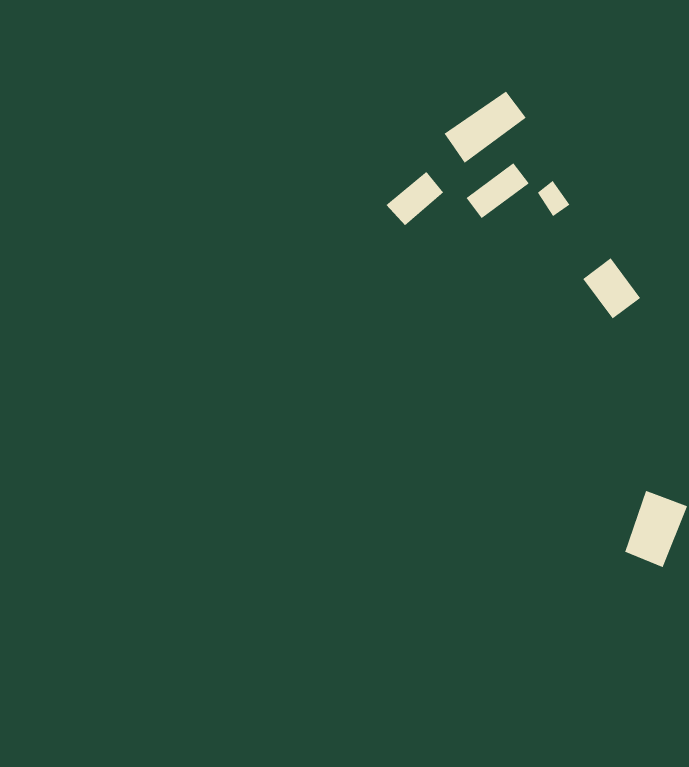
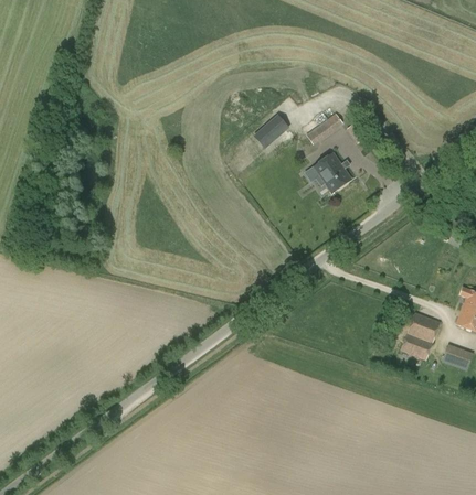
building: [444,90,527,164] -> none
building: [582,257,641,320] -> [314,153,350,192]

